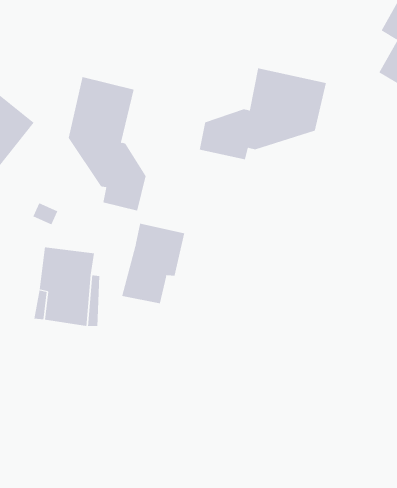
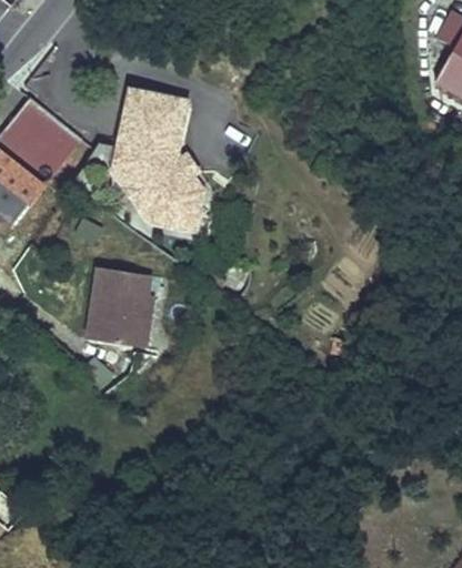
building: [199,68,326,160] -> none
building: [122,223,185,304] -> none

